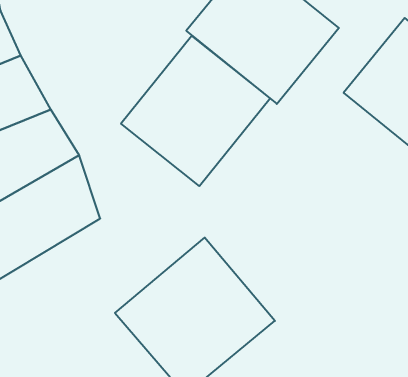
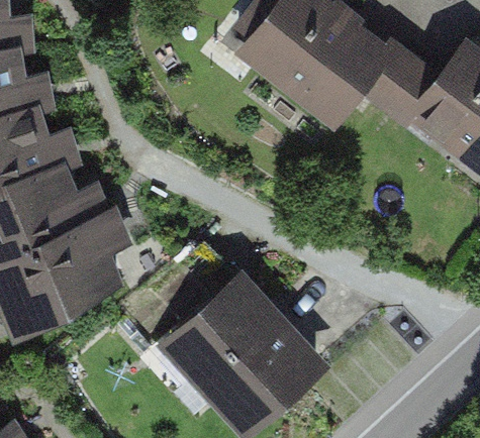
building: [121,36,270,186] -> none

